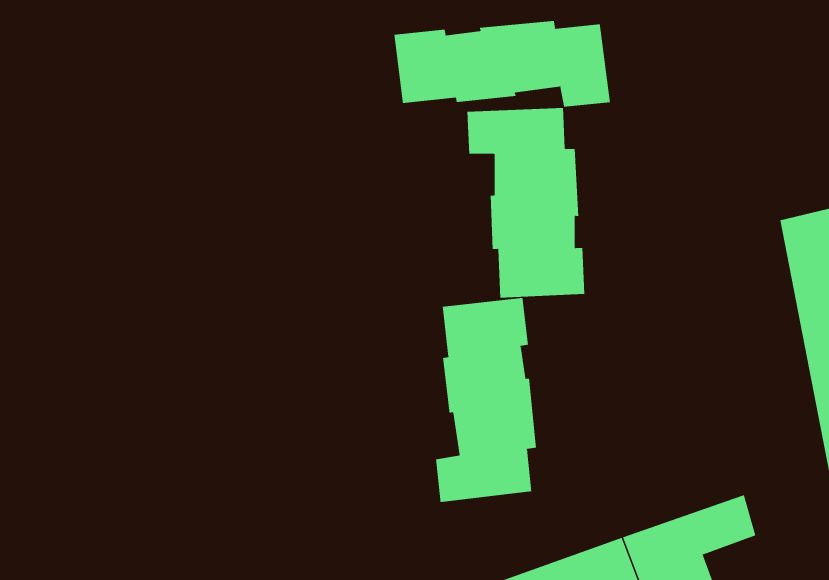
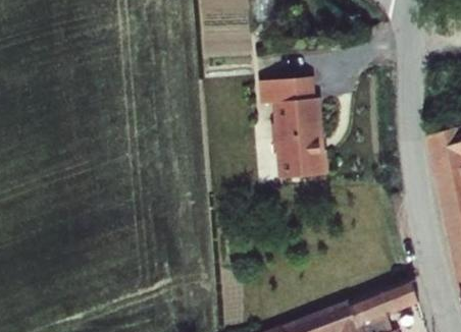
building: [394,20,611,108] -> none
building: [435,297,536,503] -> none

